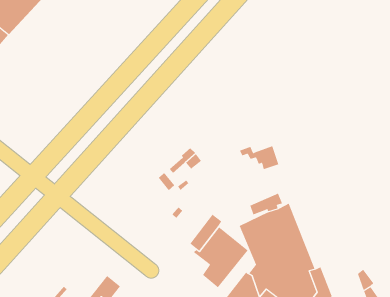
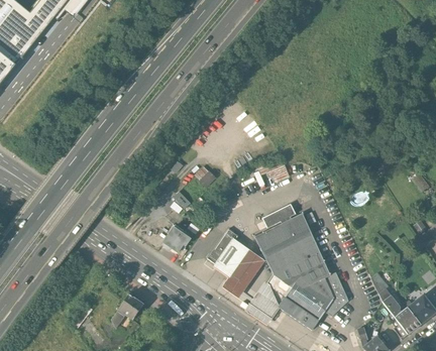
building: none -> [160,225,190,253]

